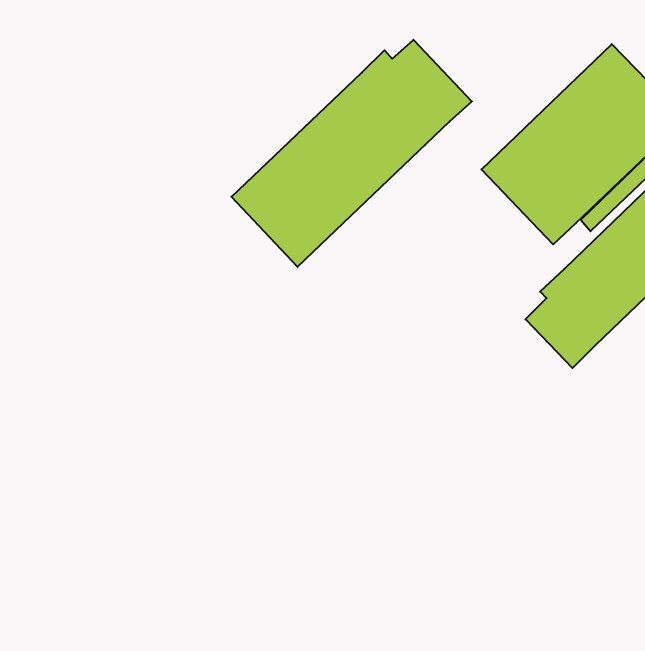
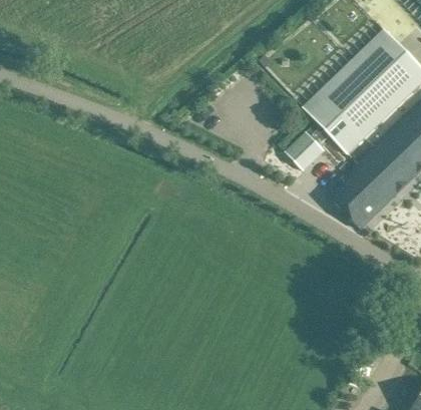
building: [231,40,472,267] -> none
building: none -> [287,132,325,170]

